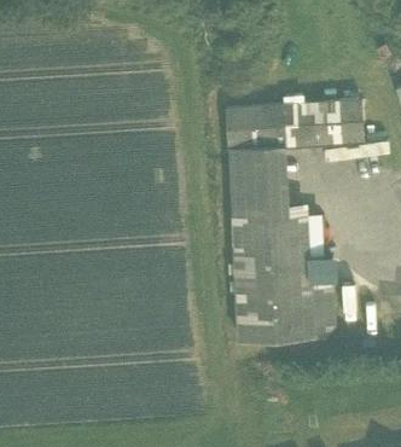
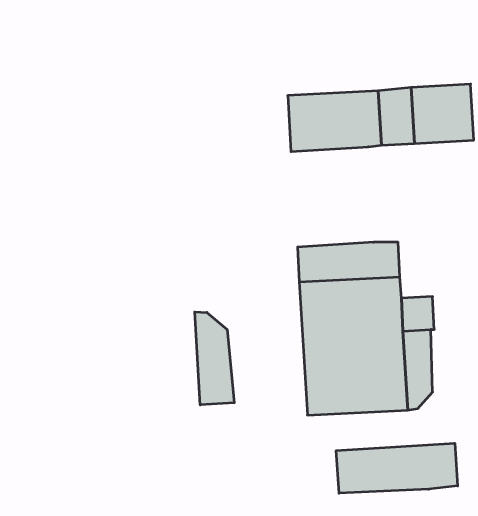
building: [229,146,289,220] -> none
building: none -> [195,312,234,405]
building: none -> [336,443,458,493]

